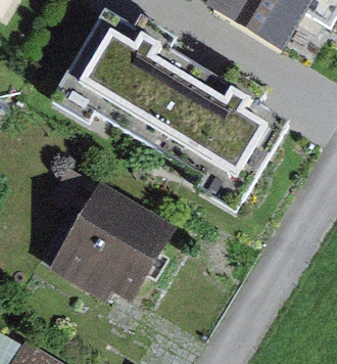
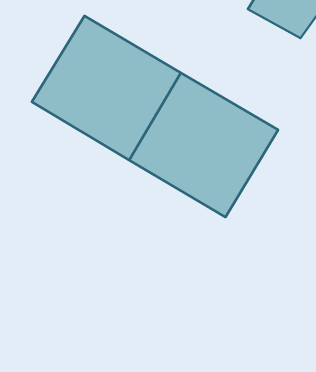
building: [50,194,162,302] -> none

